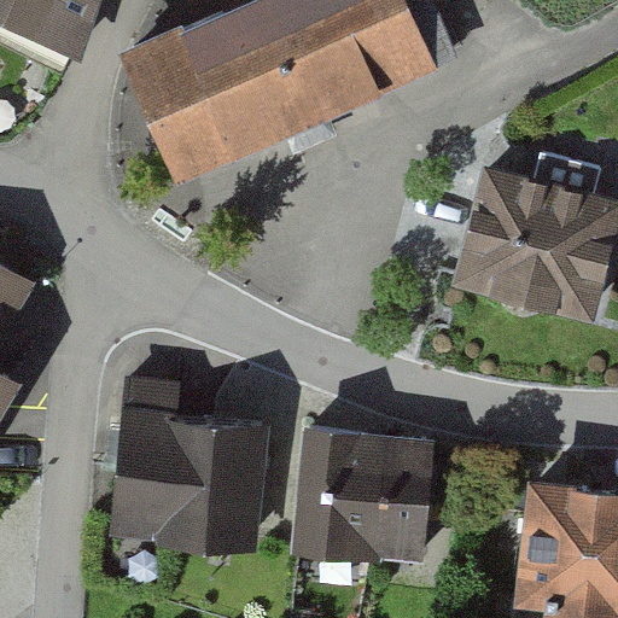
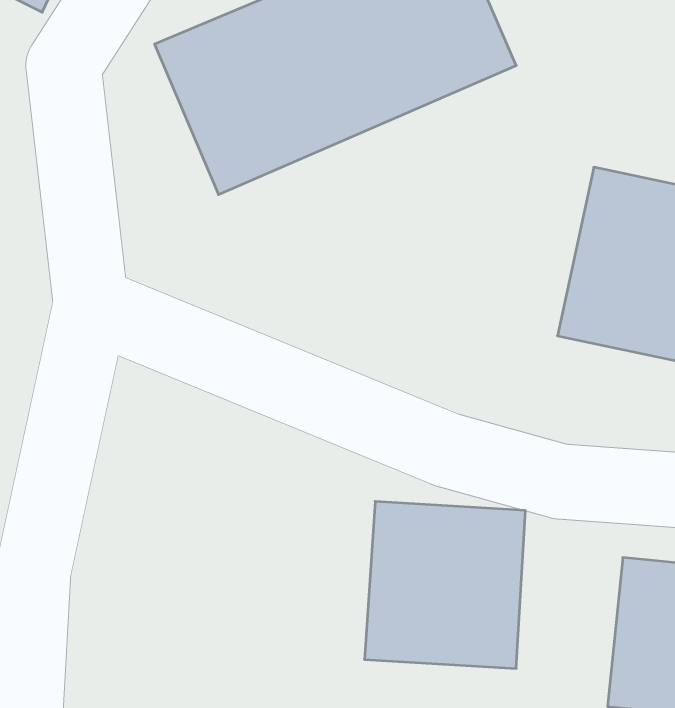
building: [113,384,261,540] -> none

